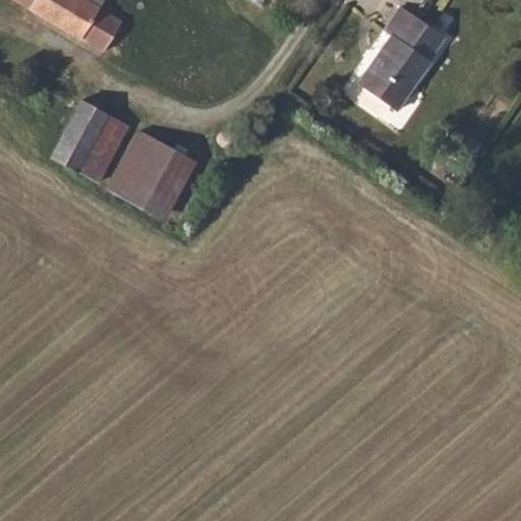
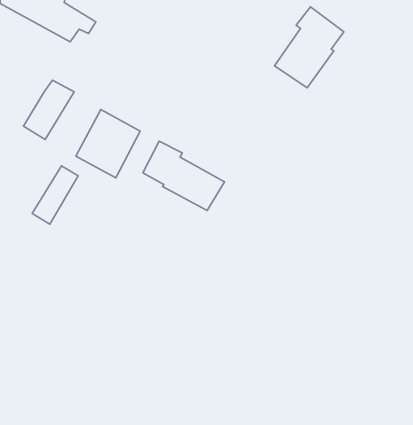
building: [71,112,127,183] -> [32,166,78,224]
building: none -> [143,141,225,211]

